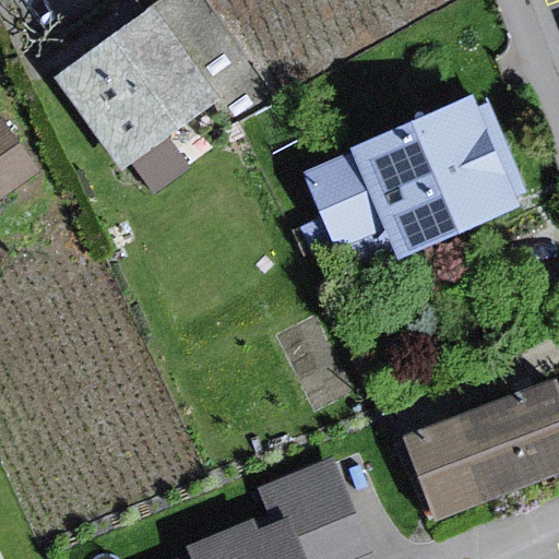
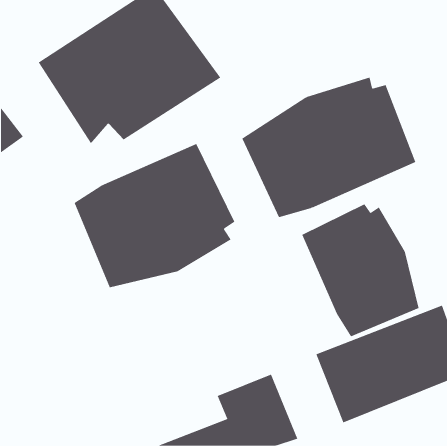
building: none -> [74,143,235,288]
building: none -> [301,203,419,337]

